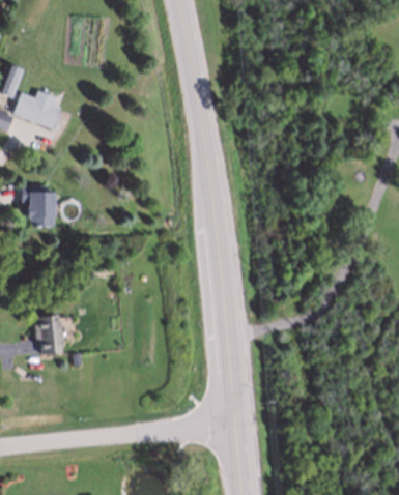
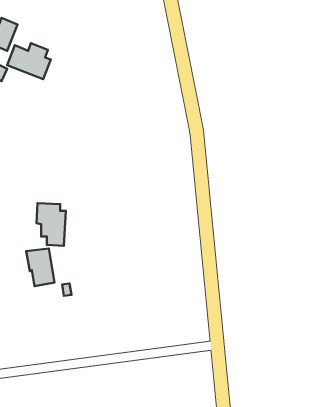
building: [22,183,54,230] -> [36,203,66,246]

